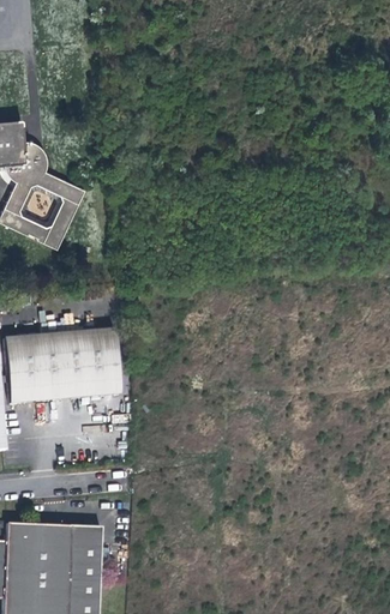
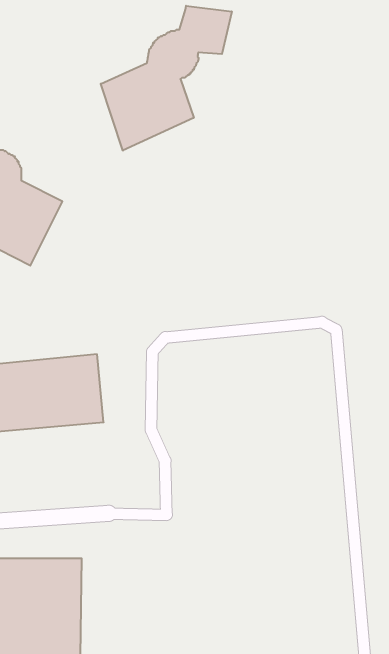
building: none -> [101,6,232,151]

